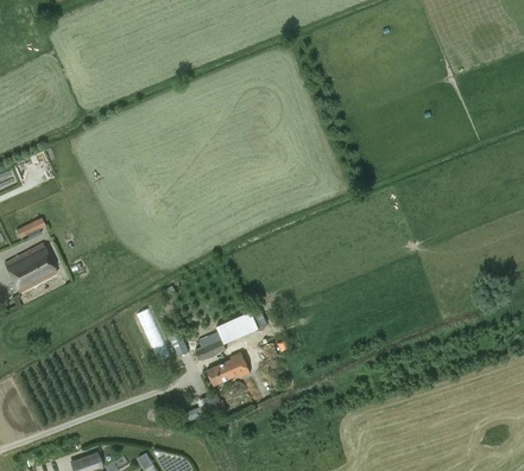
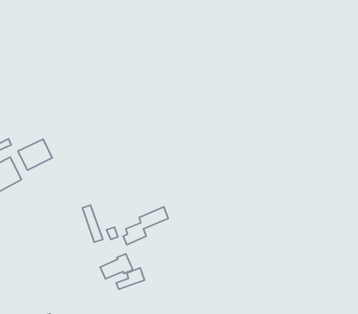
building: none -> [18,139,52,170]
building: [207,351,251,384] -> [100,254,133,279]

